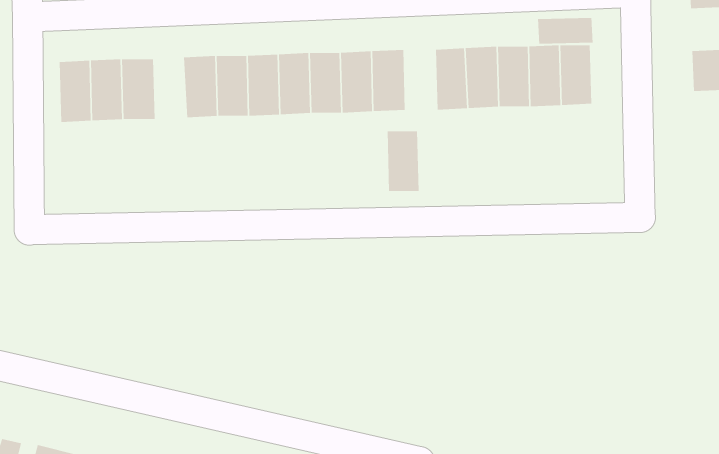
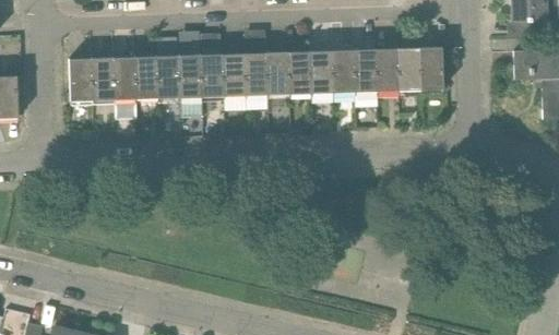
building: [537,17,593,44] -> none
building: none -> [135,56,158,99]
building: [387,131,419,191] -> [311,50,334,93]

